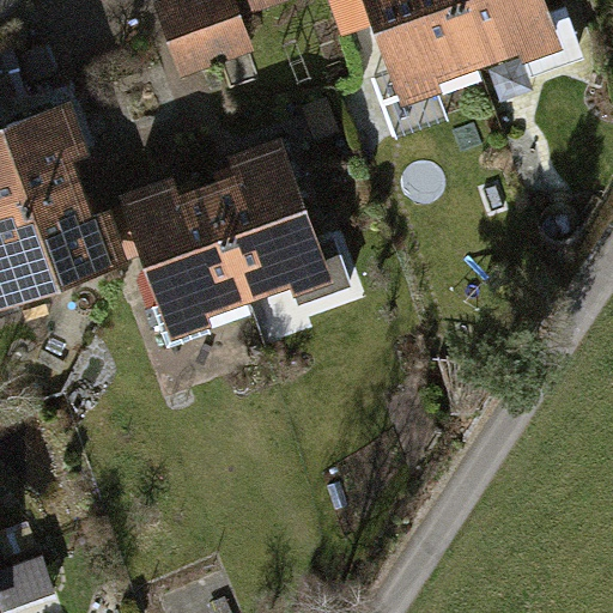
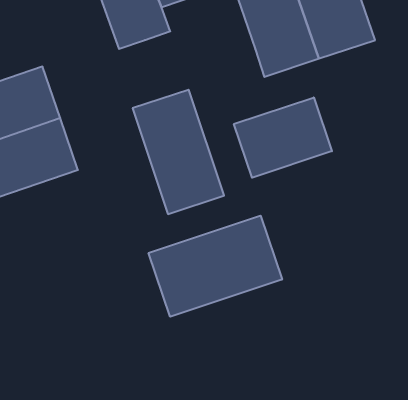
building: none -> [234,97,332,178]
building: [116,162,250,346] -> none
building: none -> [149,216,282,317]

